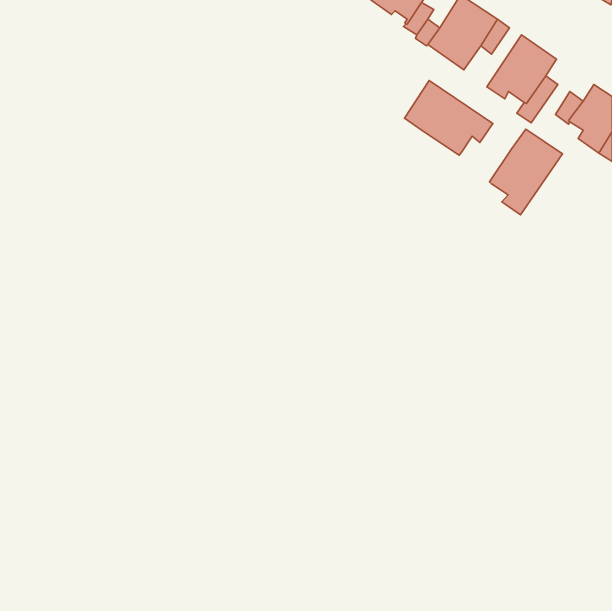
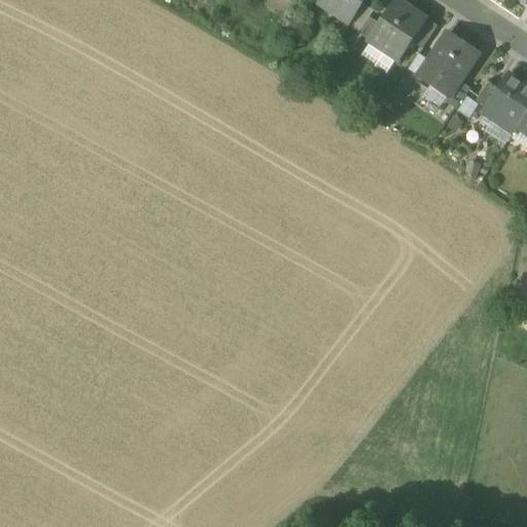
building: [404,80,493,155] -> none
building: [490,129,562,215] -> none

